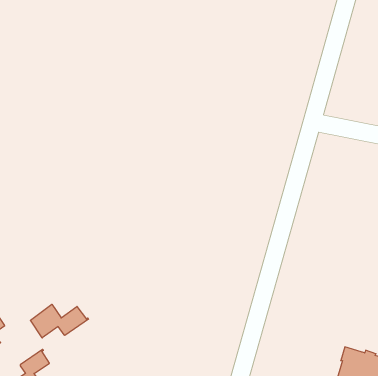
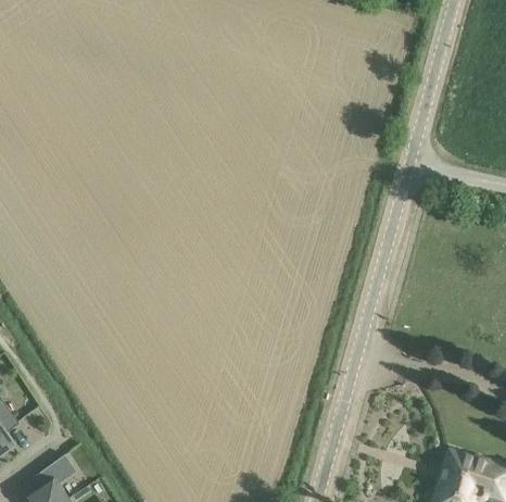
building: [30,304,88,338] -> none

